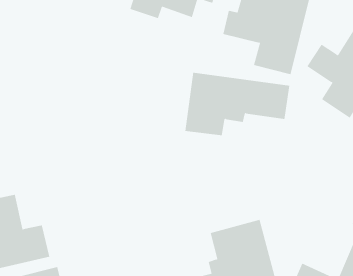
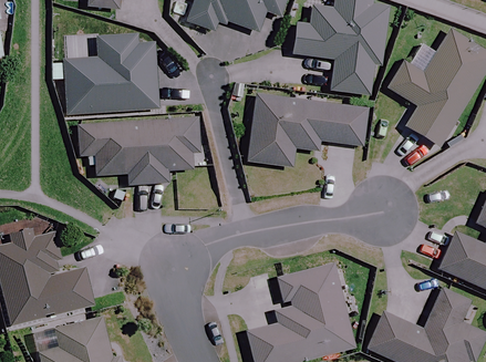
building: none -> [51,35,159,112]
building: none -> [76,114,200,186]

